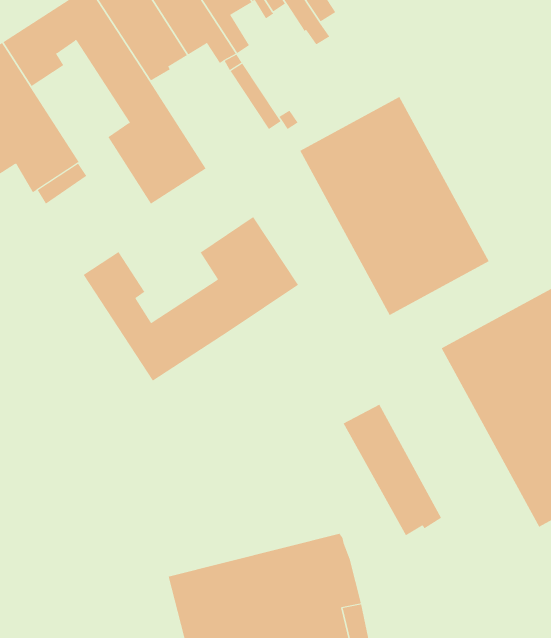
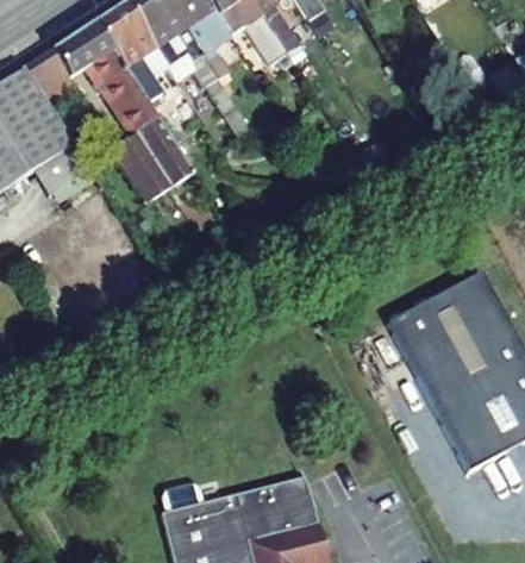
building: [299,96,489,316] -> none
building: [83,216,299,382] -> none
building: [343,404,442,536] -> none

